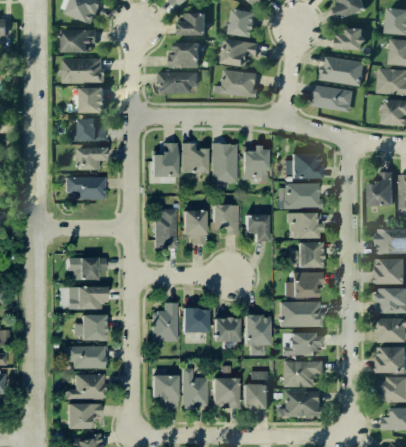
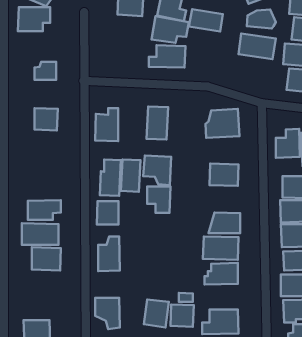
building: [169,40,199,65] -> none
building: [61,58,103,84] -> none
building: [159,74,199,96] -> none
building: [312,85,353,112] -> [189,9,223,32]
building: [76,115,110,140] -> none
building: [238,143,265,185] -> none
building: [182,144,206,176] -> none
building: [65,176,108,202] -> none
building: [277,183,320,211] -> none
building: [243,214,271,246] -> [147,186,170,213]
building: [294,242,324,268] -> none
building: [182,307,208,335] -> [97,201,118,224]
building: [243,315,273,356] -> none
building: [214,318,238,345] -> none
building: [62,344,108,370] -> none
building: [284,361,324,387] -> none
building: [181,368,208,409] -> none
building: [66,374,104,401] -> none

